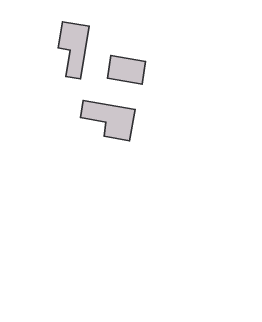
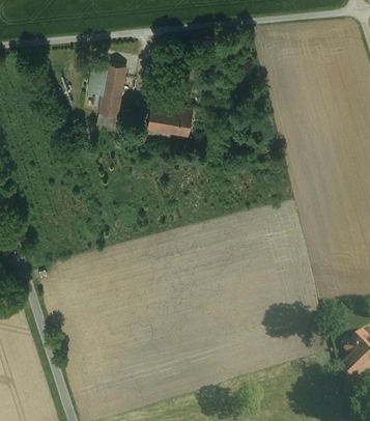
building: [80,100,135,141] -> none

